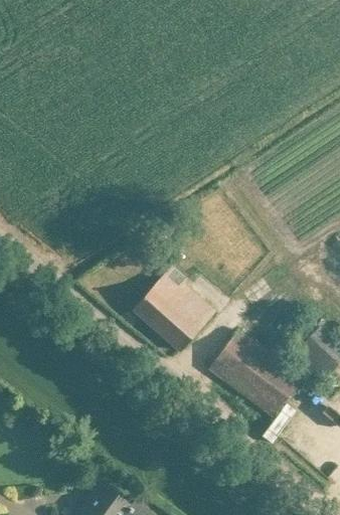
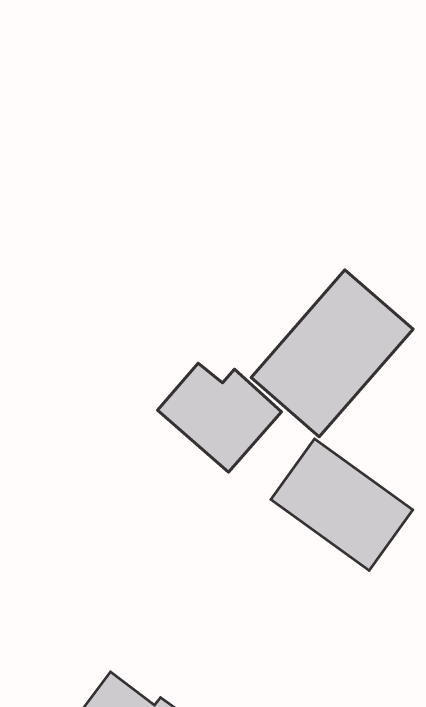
building: none -> [251,270,413,437]

